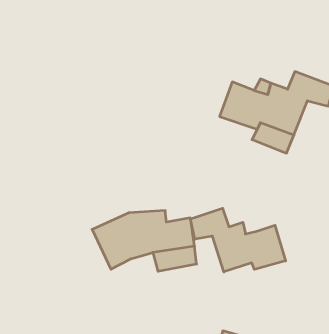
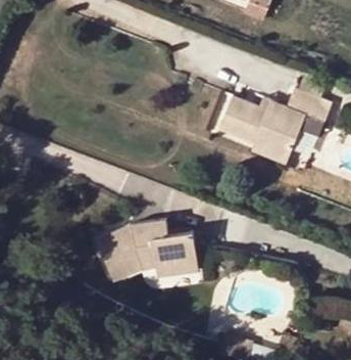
building: [191,208,286,272] -> none

